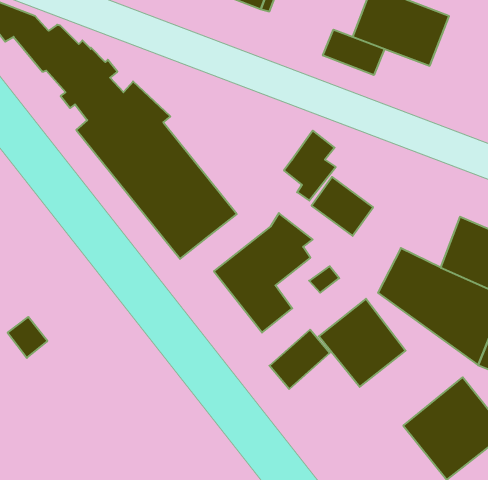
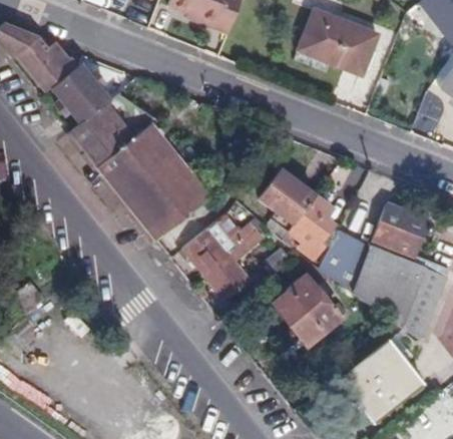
building: [323,30,384,75] -> none
building: [284,131,336,201] -> [292,195,335,254]
building: [269,330,330,389] -> none

